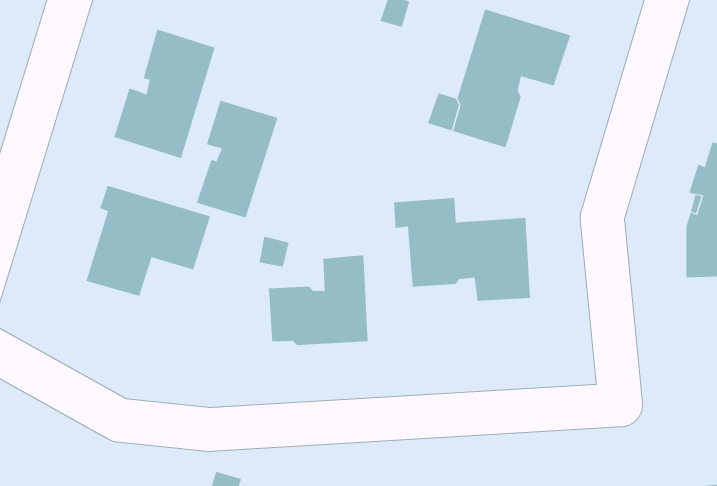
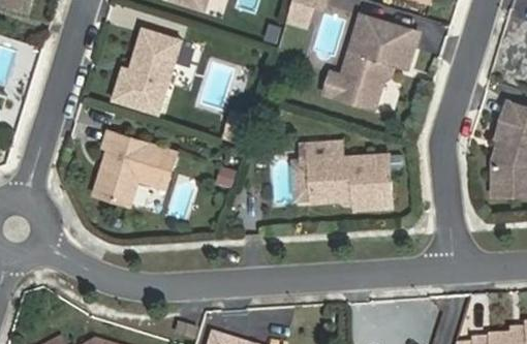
building: [196,100,278,219] -> none
building: [268,255,368,346] -> none

